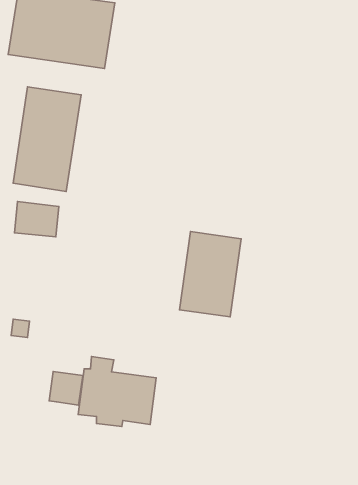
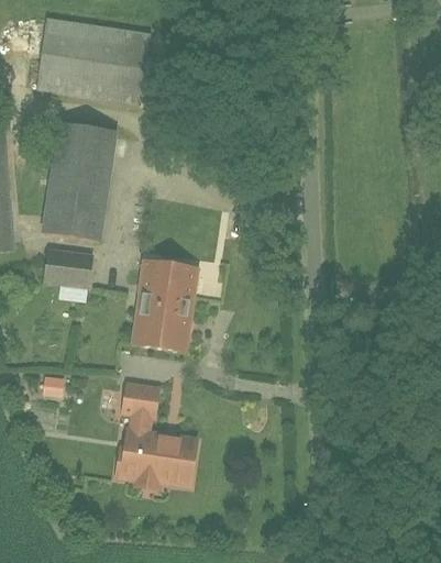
building: [179,232,241,317] -> [130,260,197,352]
building: [49,372,83,405] -> [120,383,156,419]

